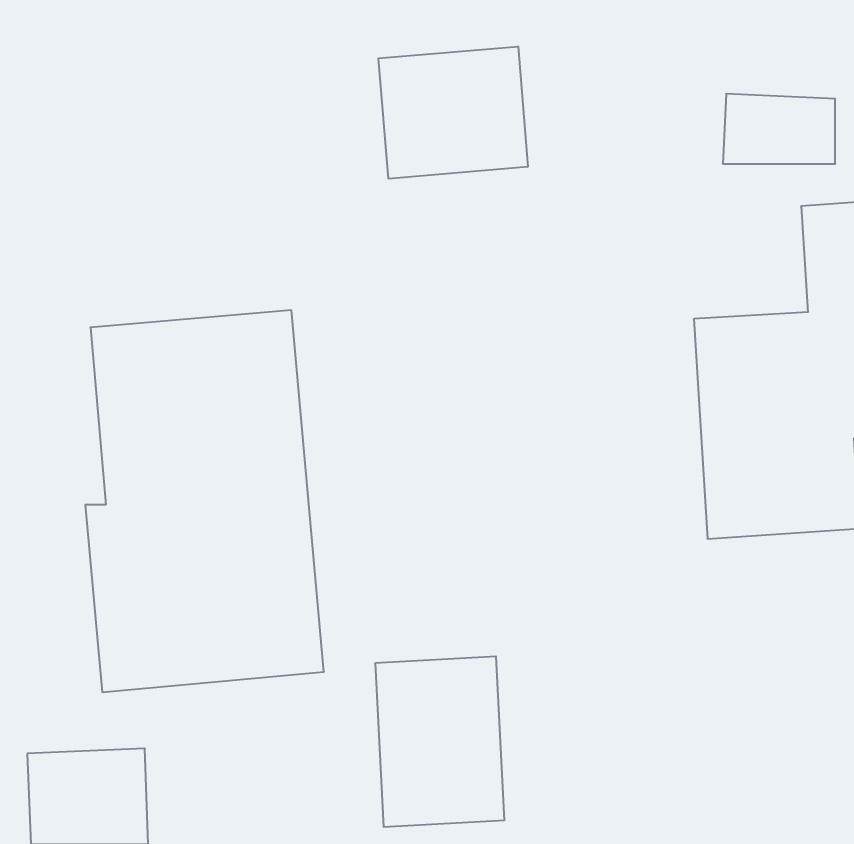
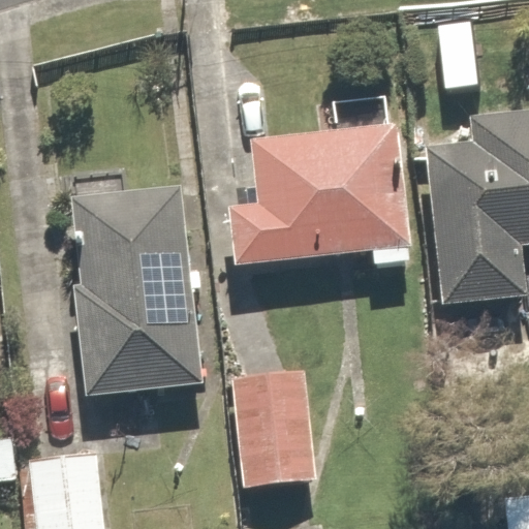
building: [379,46,528,179] -> none
building: none -> [232,131,398,275]

